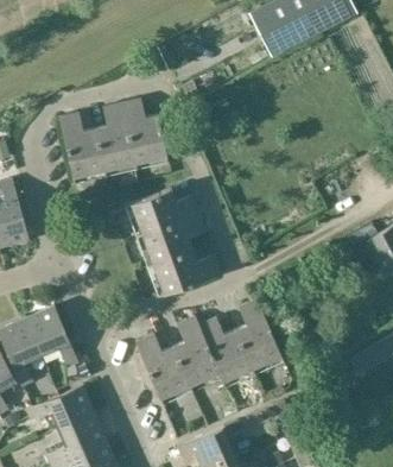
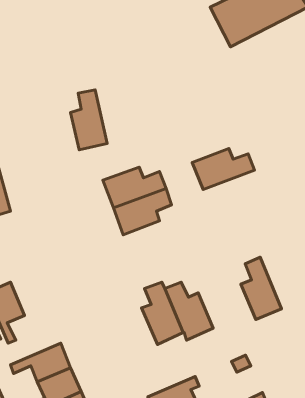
building: [121,100,166,164] -> none
building: [58,114,103,178] -> none
building: [152,250,221,295] -> [192,149,255,189]
building: [235,299,280,368] -> [241,257,282,320]
building: [27,305,78,367] -> none
building: [135,335,190,399] -> none

